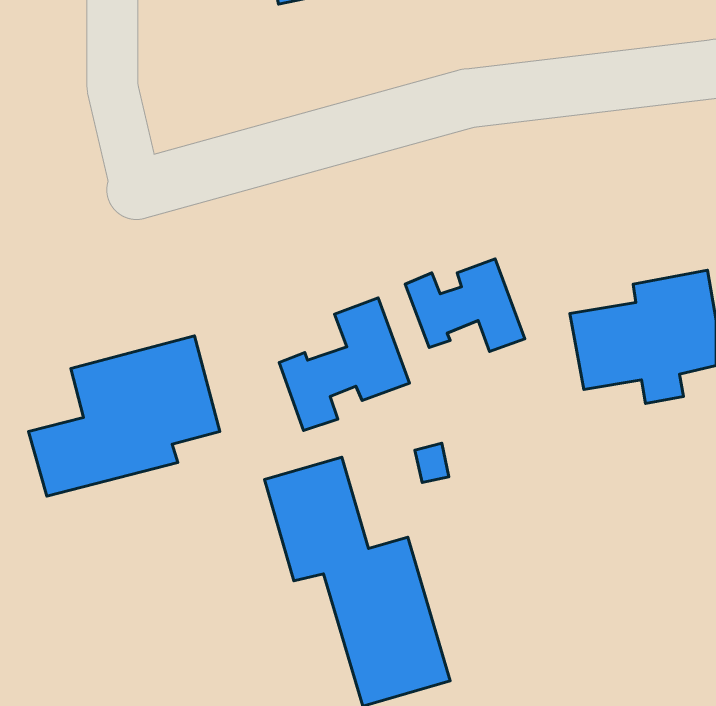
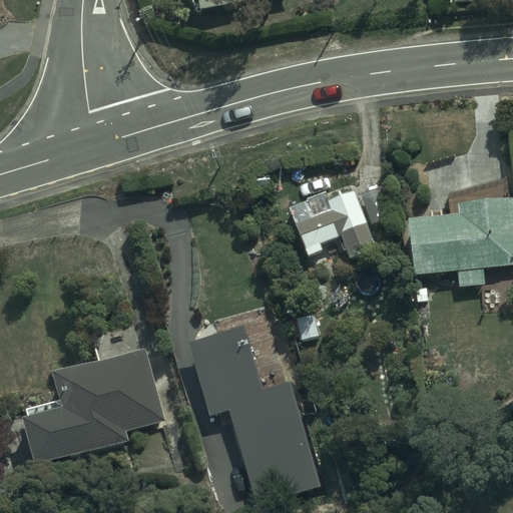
building: [279,298,410,430] -> none
building: [29,336,220,496] -> [24,349,160,463]

